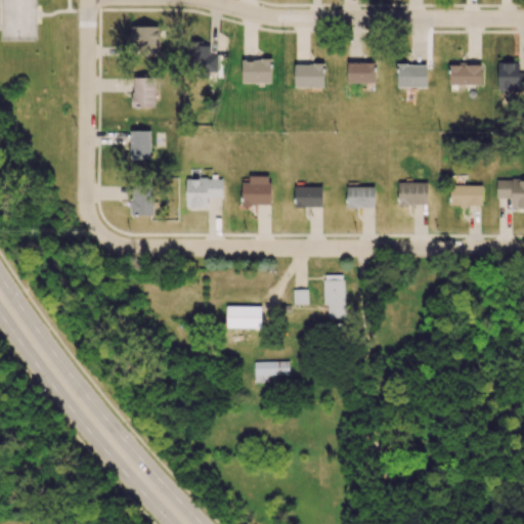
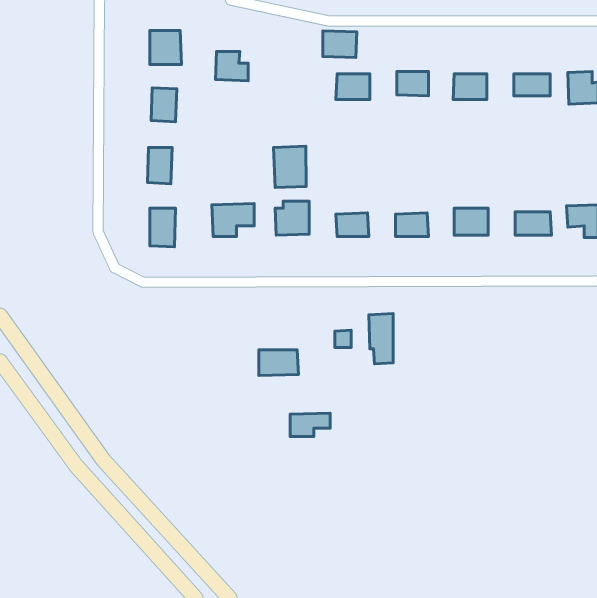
building: [243,59,272,83] -> [323,31,357,58]
building: none -> [274,146,306,188]

